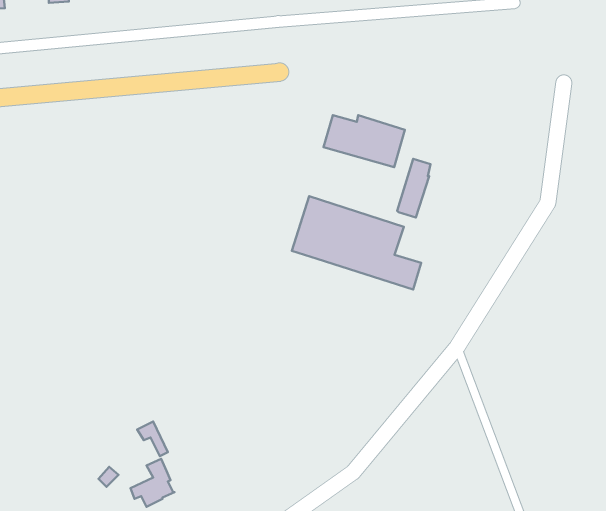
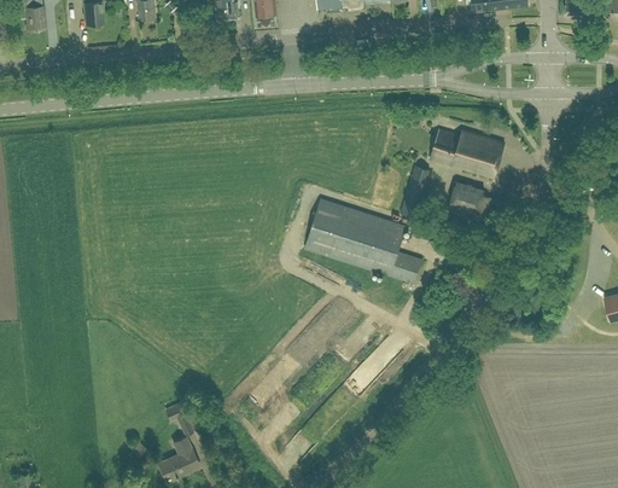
building: [324,115,405,167] -> [430,129,503,176]
building: none -> [448,181,492,222]

